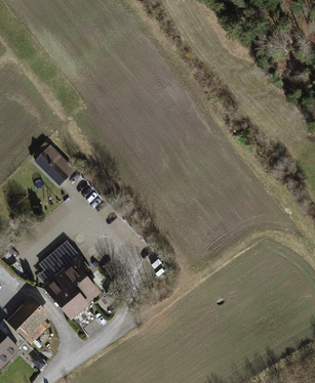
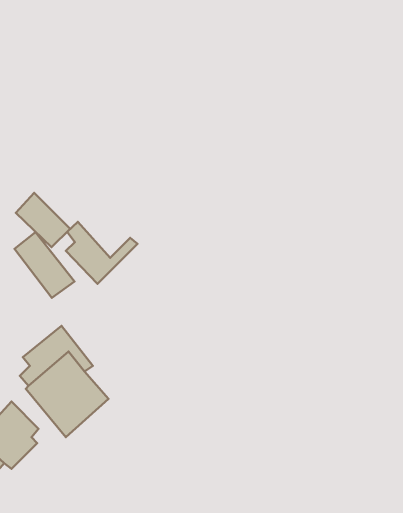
building: none -> [66,222,138,284]
building: none -> [14,232,75,298]

